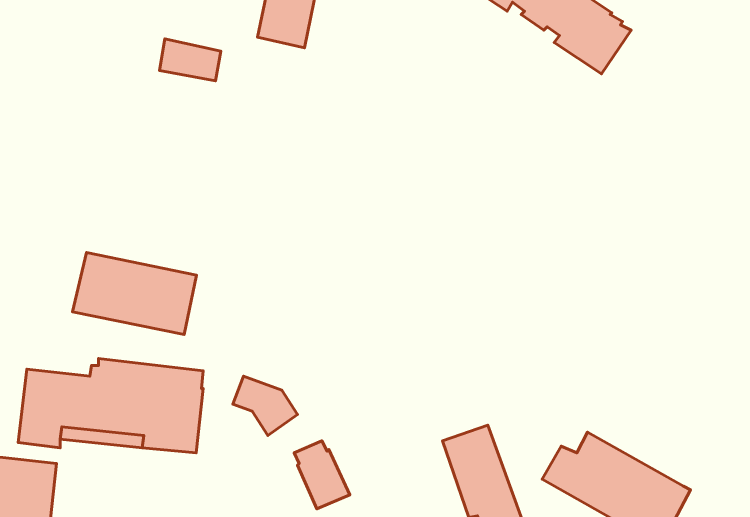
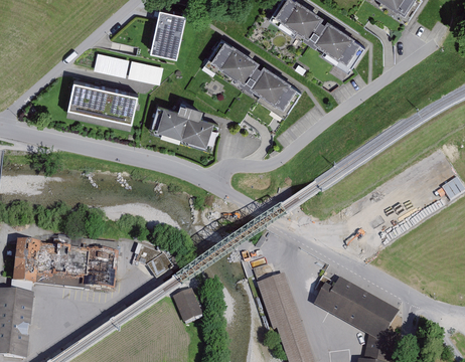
building: none -> [203,38,300,117]
building: none -> [127,59,163,84]
building: none -> [147,102,221,150]
building: [72,253,196,335] -> [65,80,137,128]

